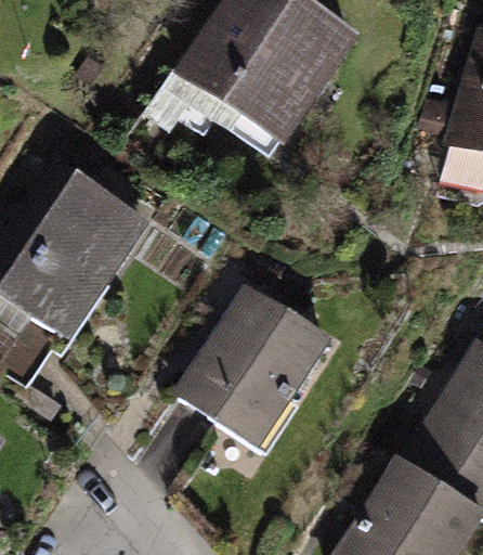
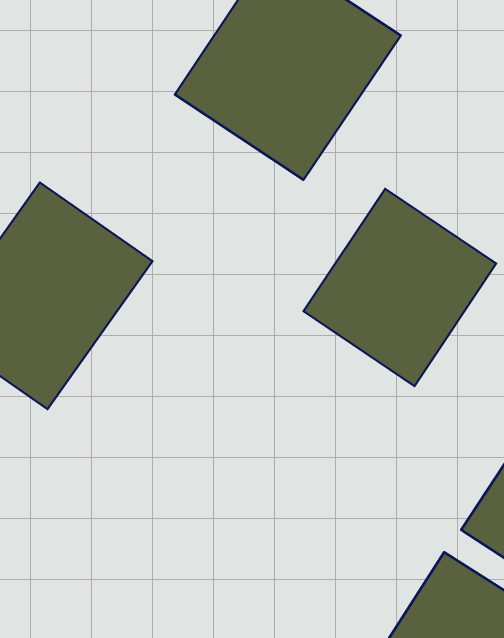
building: none -> [304,189,496,386]
building: [172,283,339,455] -> none

